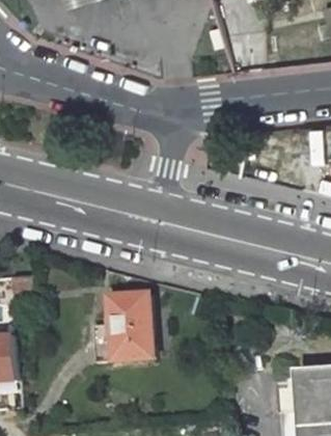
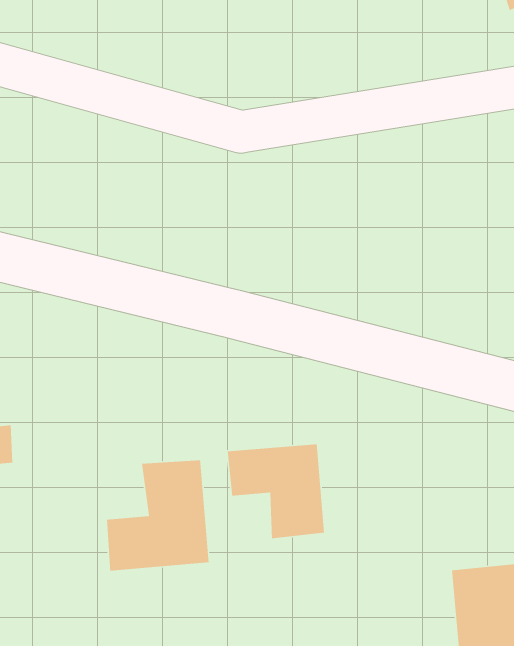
building: none -> [227,443,325,539]

